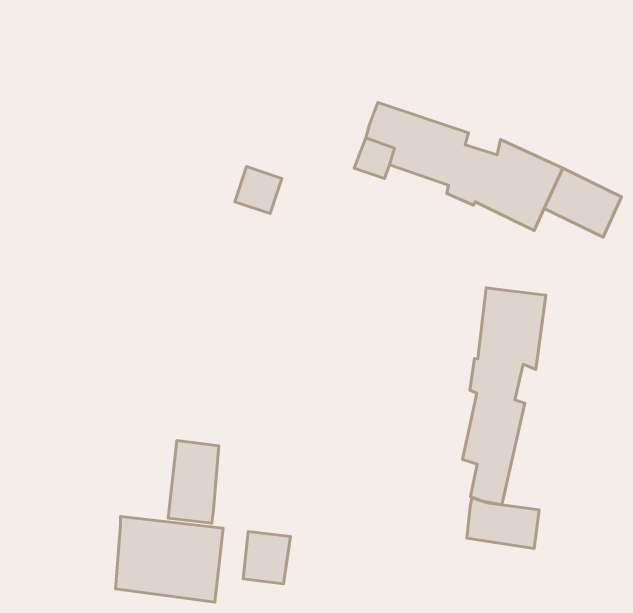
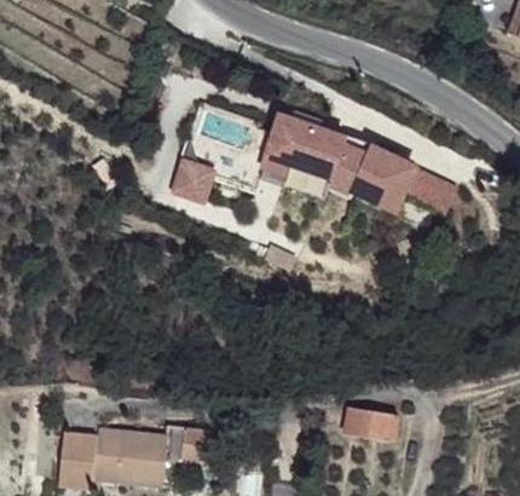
building: [462,288,546,505] -> none
building: [168,441,219,523] -> [60,422,97,481]

